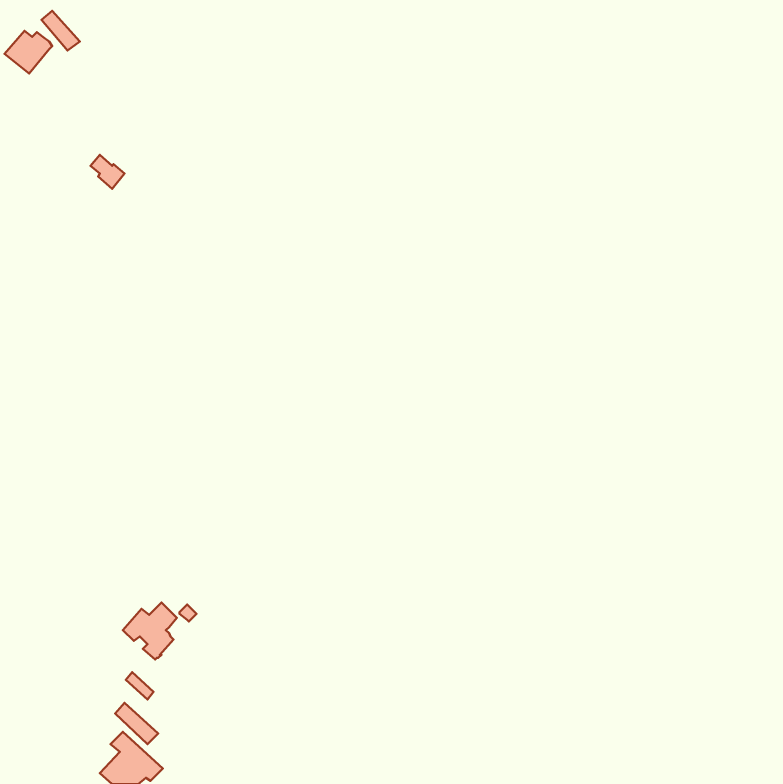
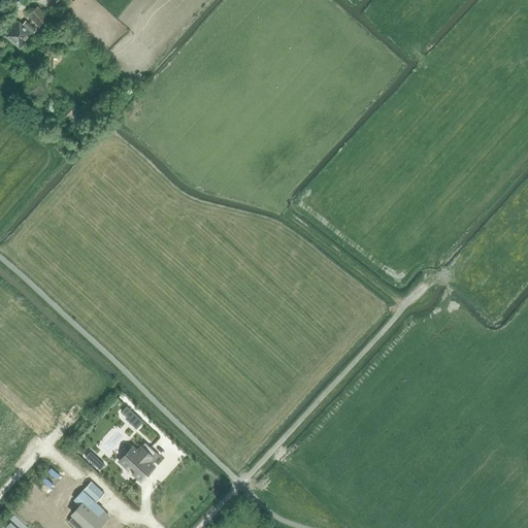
building: [123,603,177,659] -> [119,442,155,481]

